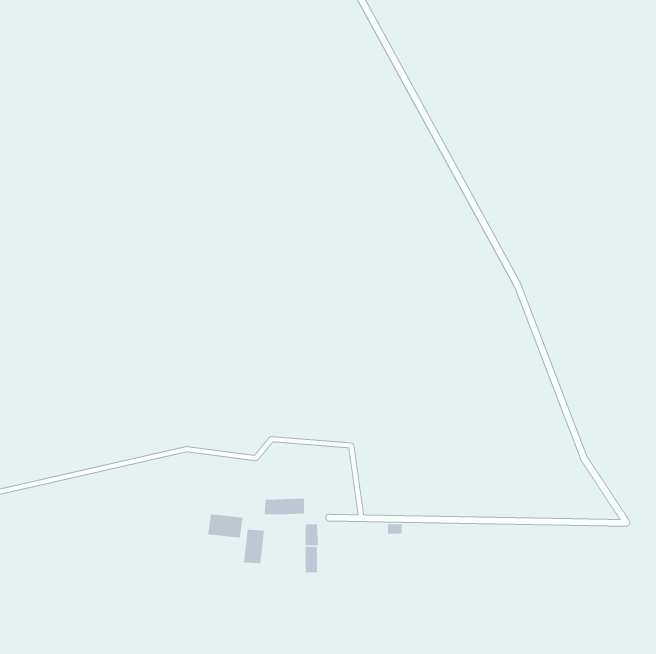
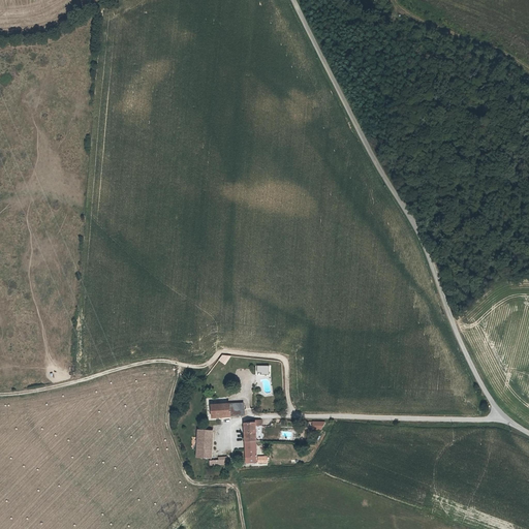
building: [208,513,243,538] -> none

